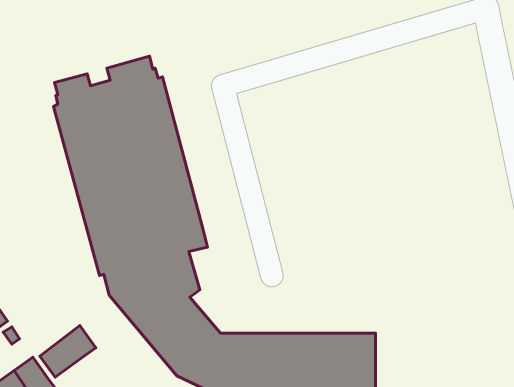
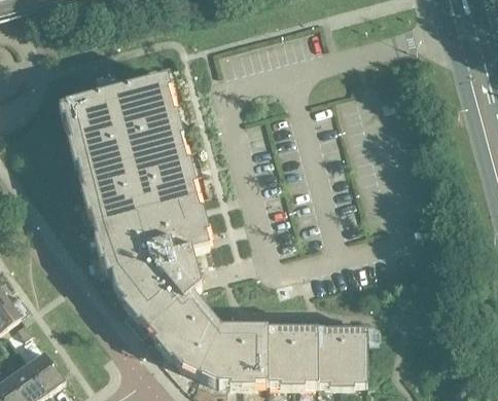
building: [40,325,96,377] -> none

